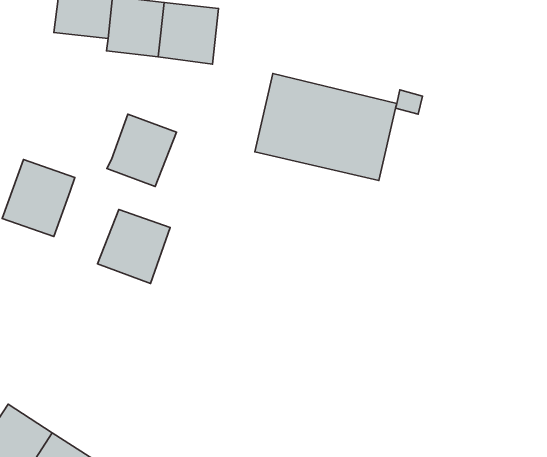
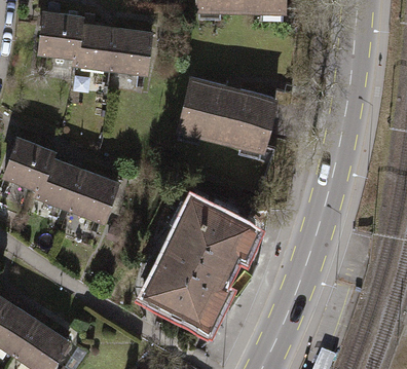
building: [107,114,176,187] -> [37,159,84,209]
building: none -> [148,199,254,322]

